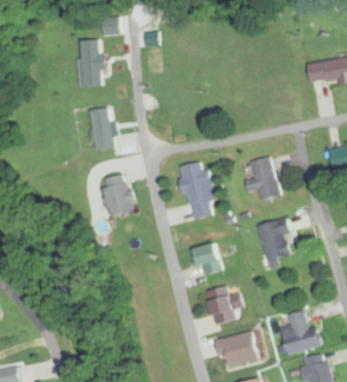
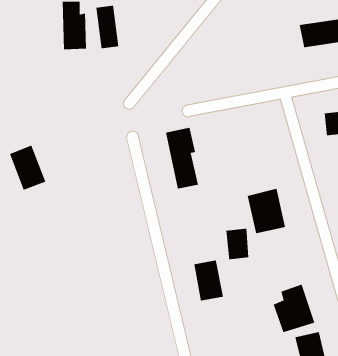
building: [91,108,113,149] -> [95,5,119,49]
building: [243,158,279,200] -> none
building: [100,174,135,217] -> [9,145,46,191]
building: [198,244,220,274] -> [225,228,249,260]
building: [215,333,258,370] -> none

